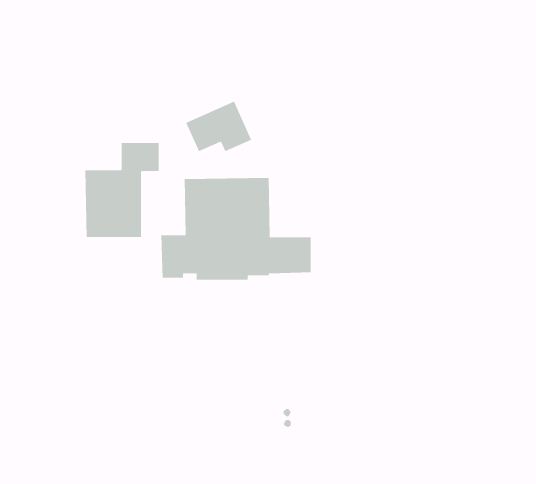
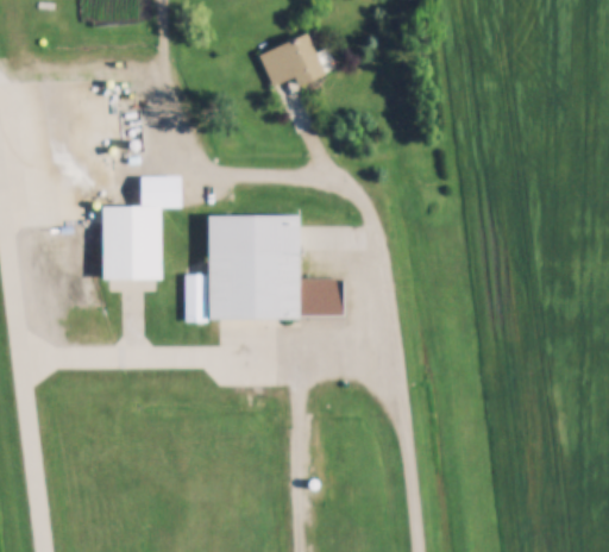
building: [185,101,252,152] -> [256,31,328,87]

